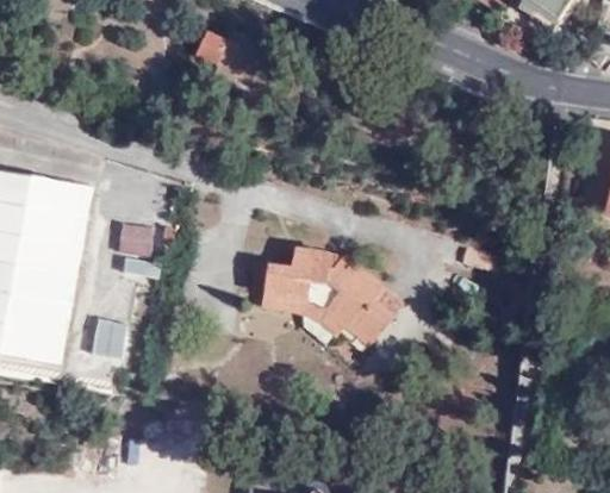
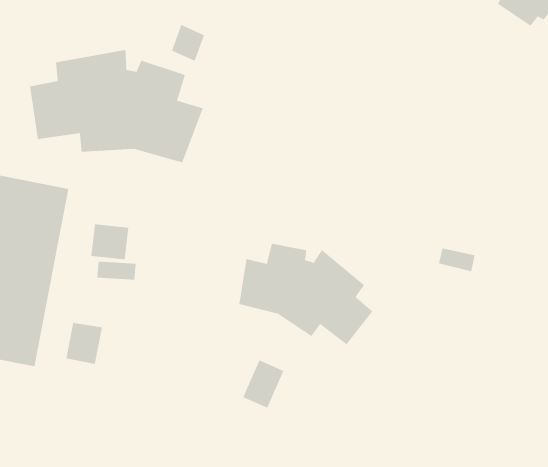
building: none -> [29,49,203,163]
building: none -> [242,359,284,409]

